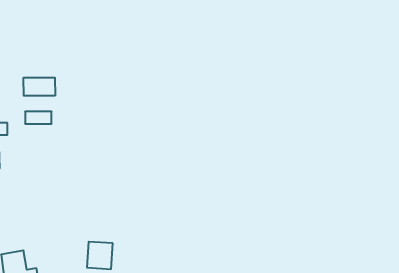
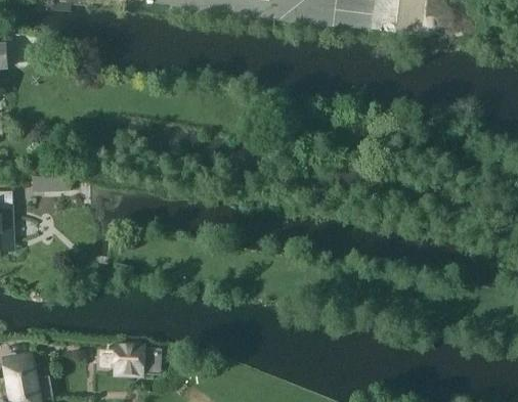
building: [24,78,55,96] -> none

